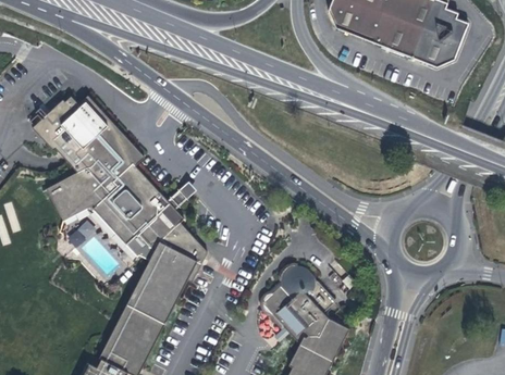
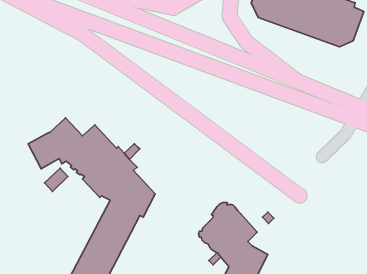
building: [30,95,139,179] -> none

